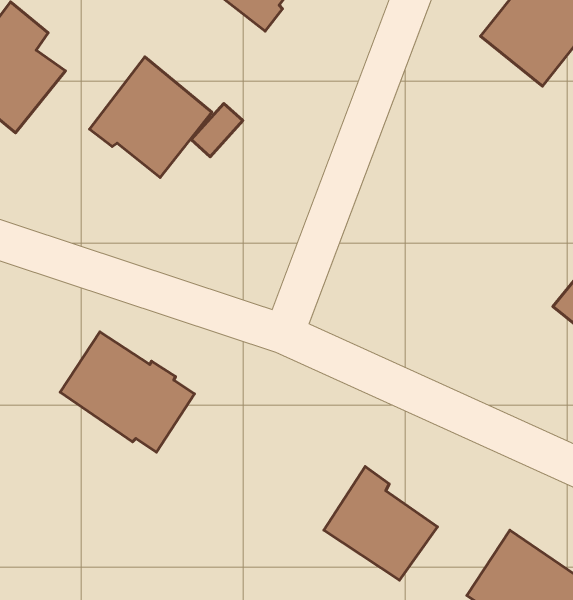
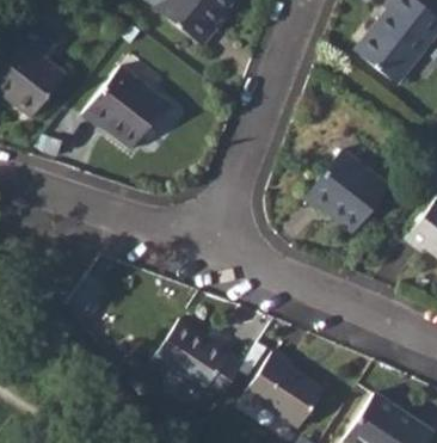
building: none -> [306,149,390,233]
building: [60,332,195,452] -> [153,318,246,401]

